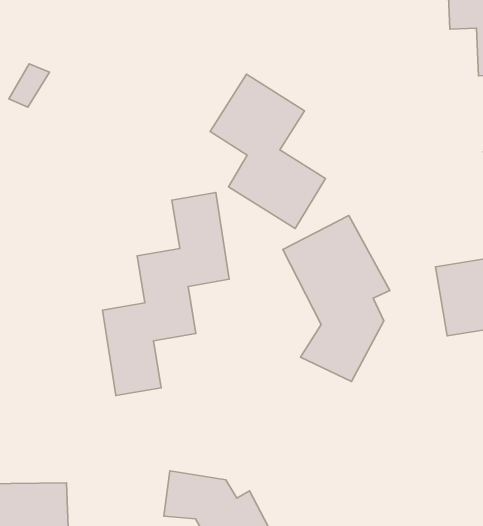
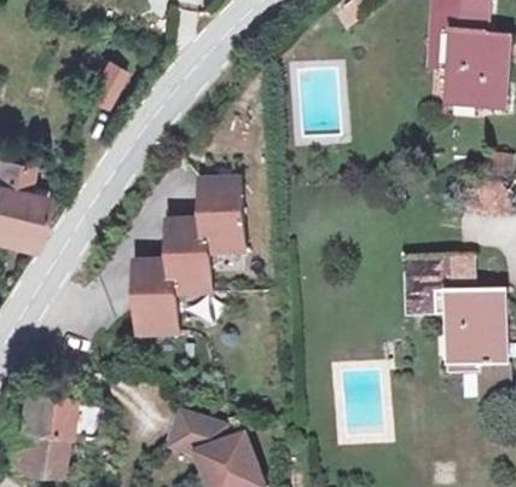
building: [210,74,326,228] -> none
building: [283,216,390,381] -> none

